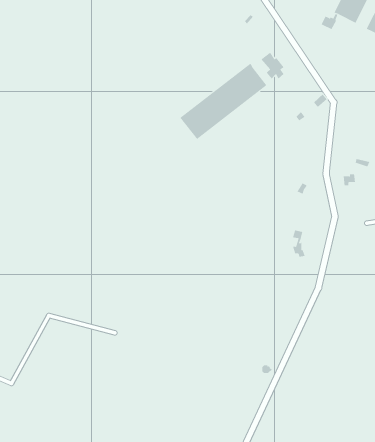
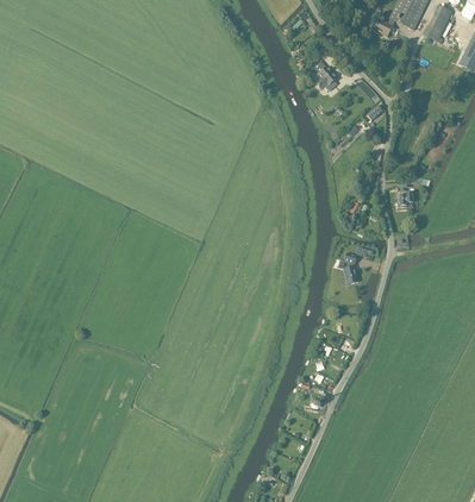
building: [180,63,267,140] -> none

